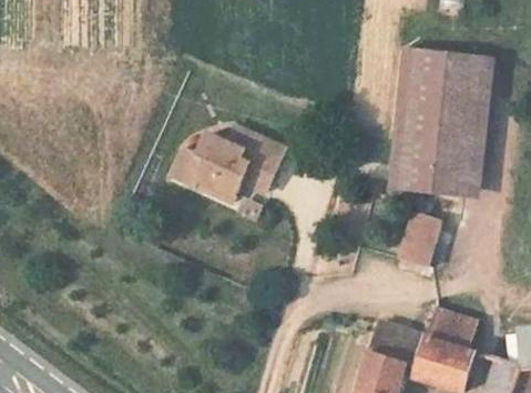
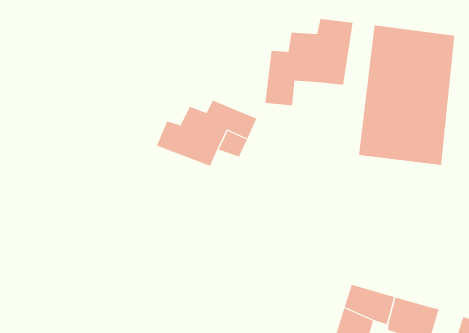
building: none -> [265,18,353,106]
building: [399,215,440,265] -> none
building: [427,313,472,350] -> none

